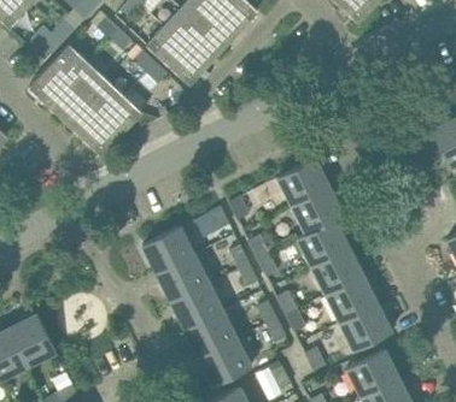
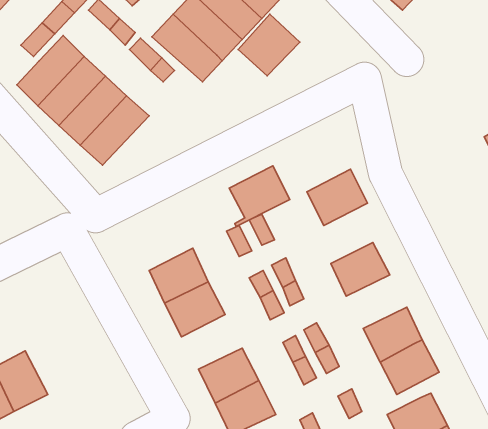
building: none -> [238,14,300,76]
building: [292,185,344,237] -> [229,166,290,226]
building: [311,247,363,292] -> none
building: [170,280,222,327] -> none

